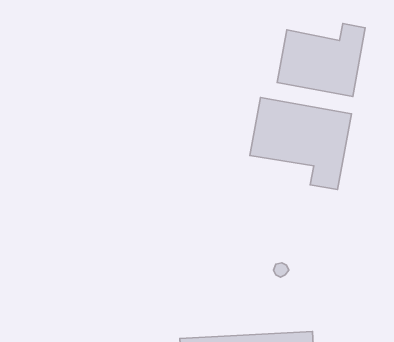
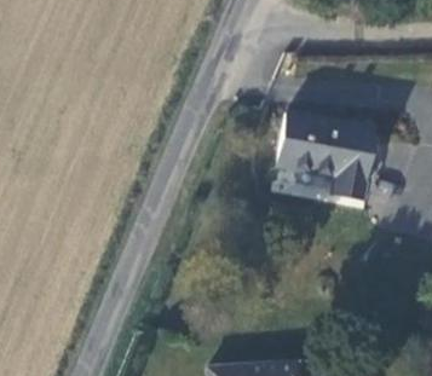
building: [277,23,365,96] -> none

